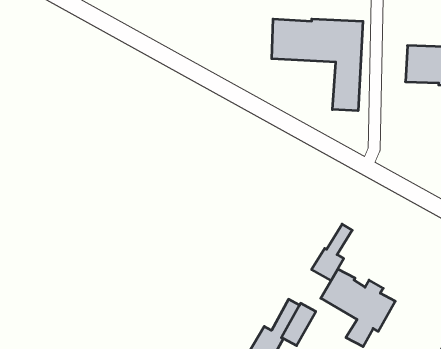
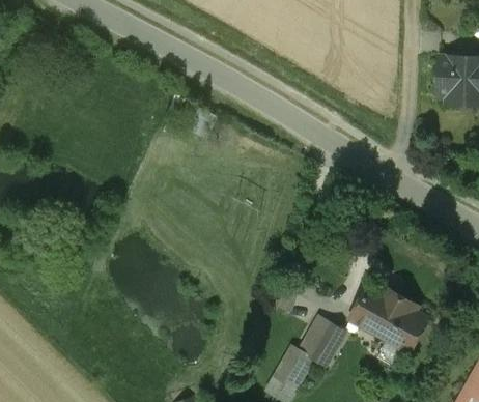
building: [272,19,363,111] -> none
building: [312,224,352,281] -> none

